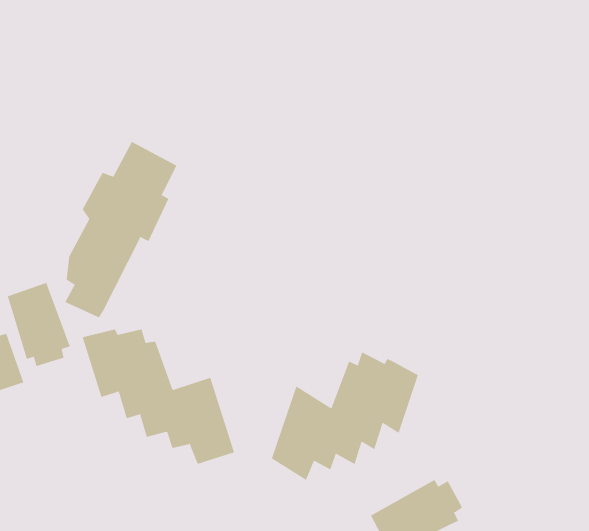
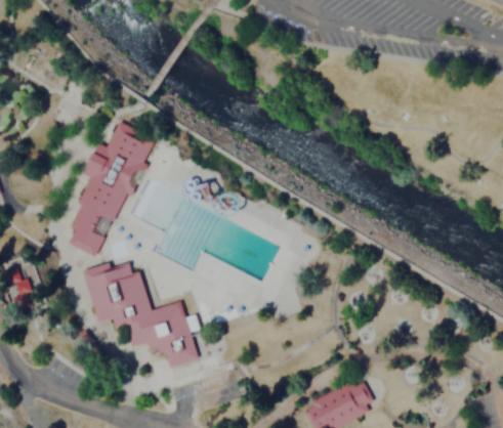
building: [7,282,70,367] -> none
building: [271,352,418,481] -> none

